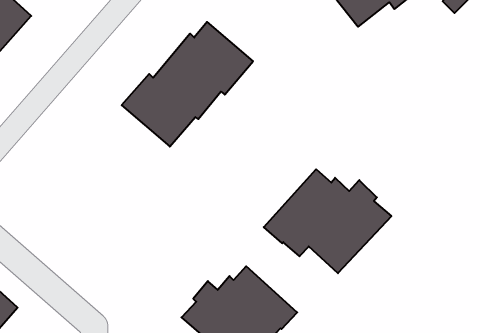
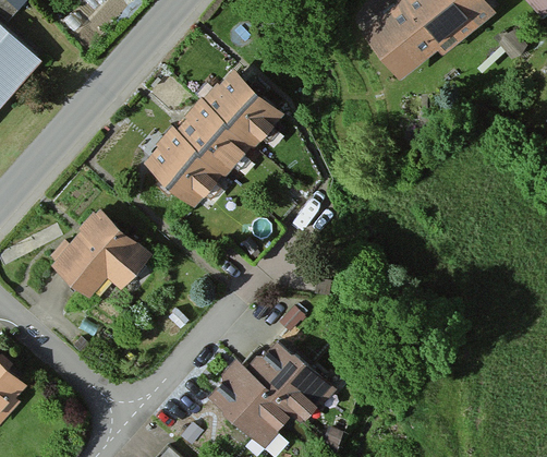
building: none -> [51,208,153,298]
building: [264,169,391,273] -> none

